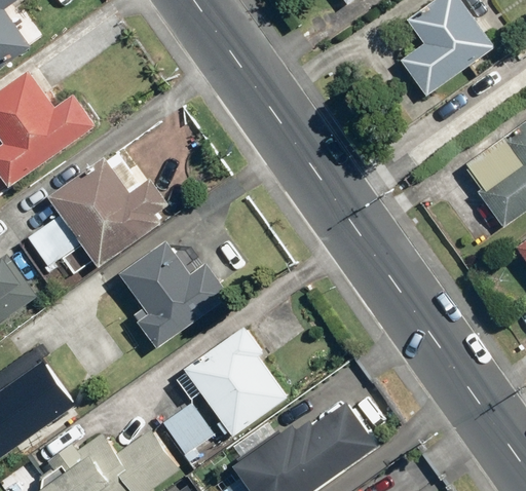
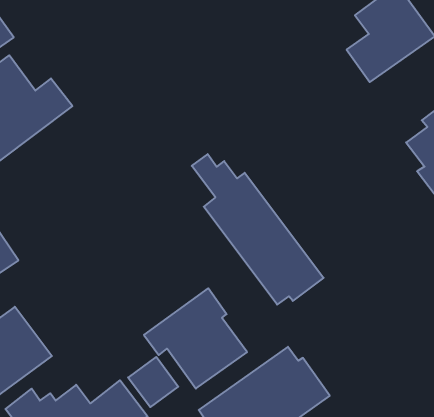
building: [23,150,166,277] -> none
building: none -> [192,154,324,305]
building: [118,238,228,347] -> none

